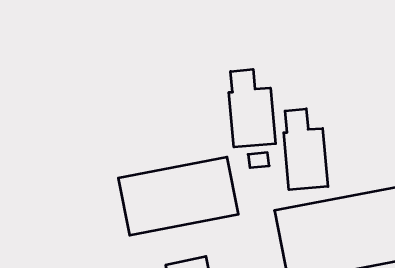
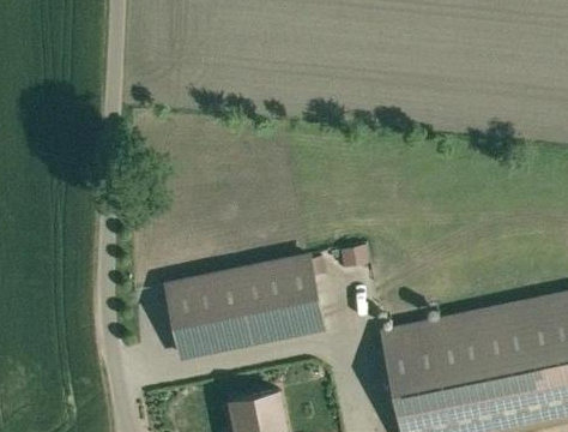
building: [229,69,276,147] -> none
building: [284,109,328,190] -> none

